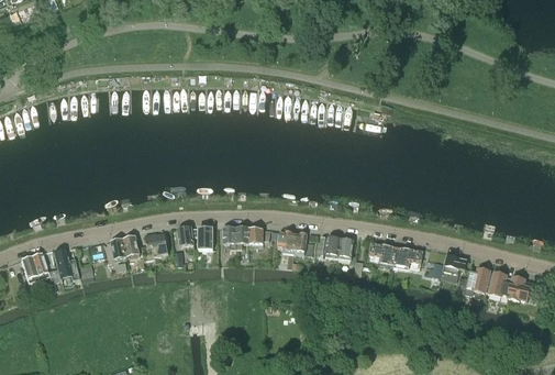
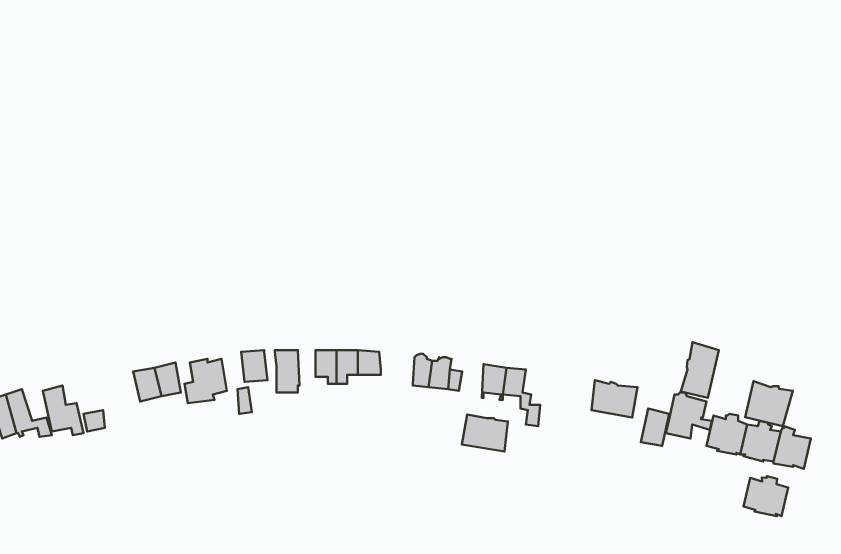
building: none -> [681,342,719,398]
building: [368,241,397,264] -> [462,414,508,452]
building: none -> [745,381,793,426]
building: none -> [744,476,788,516]

